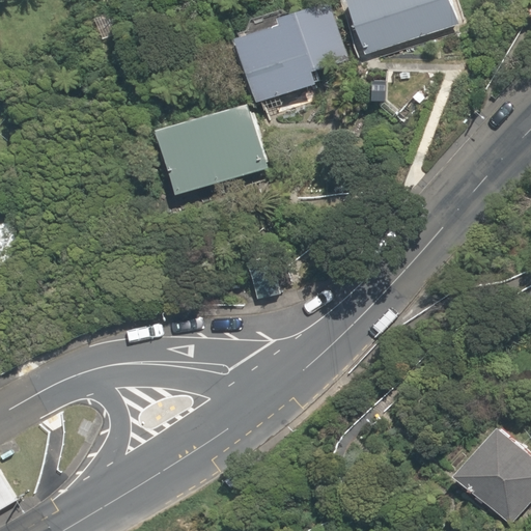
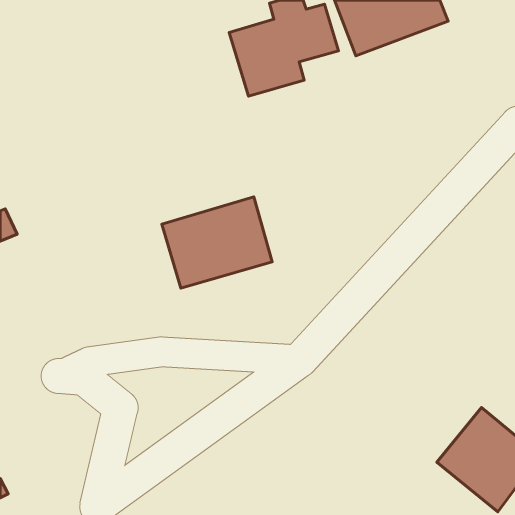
building: [151,101,264,194] -> [162,197,272,288]

